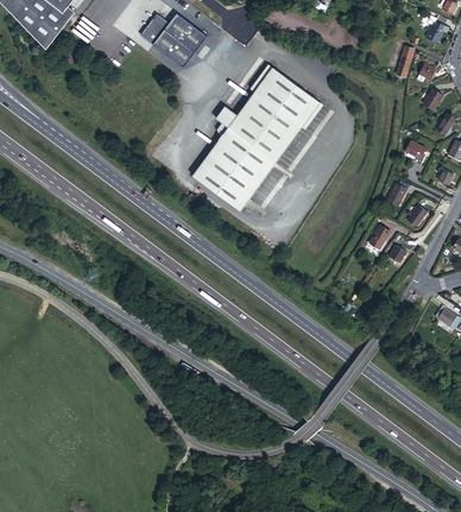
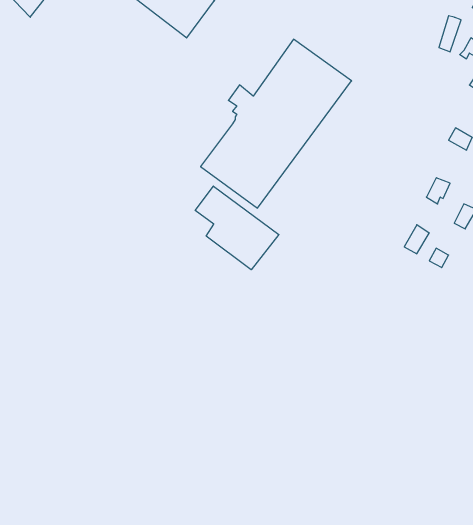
building: none -> [195,186,279,270]

